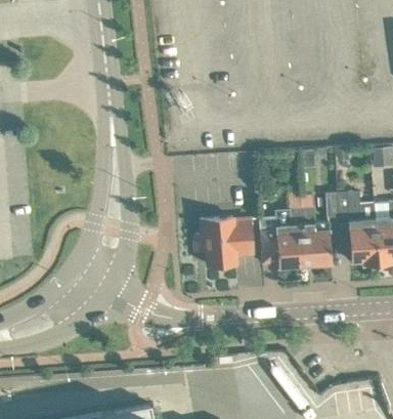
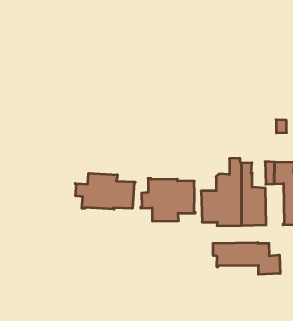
building: none -> [75,173,135,209]
building: none -> [213,242,280,274]

